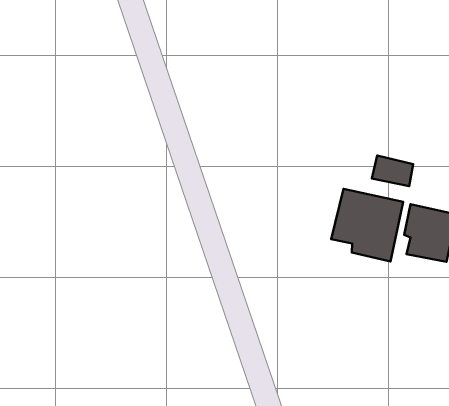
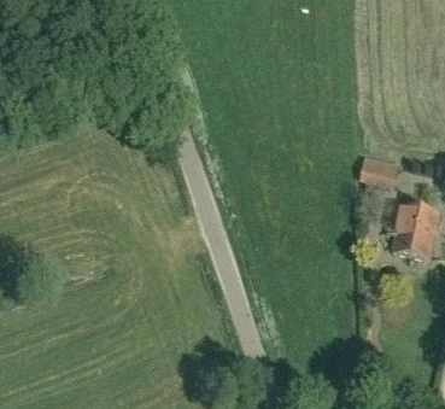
building: [331,189,403,261] -> none

